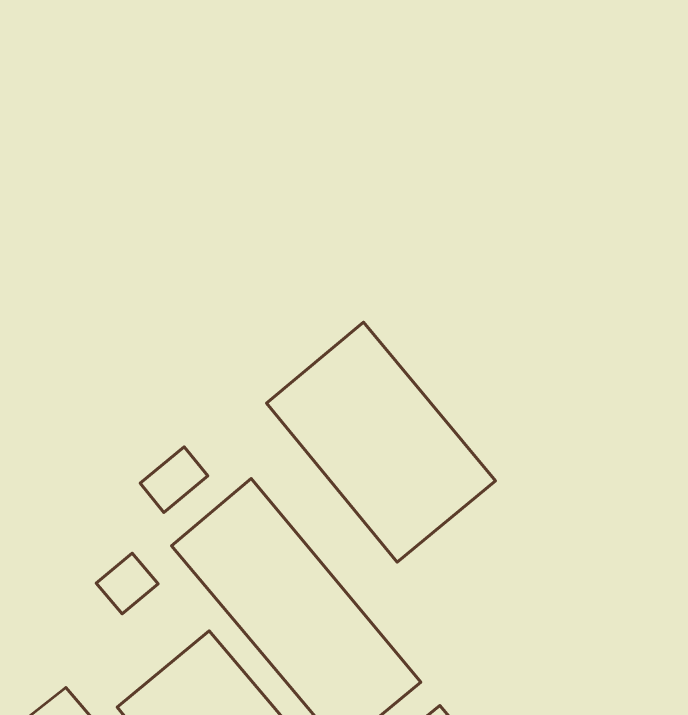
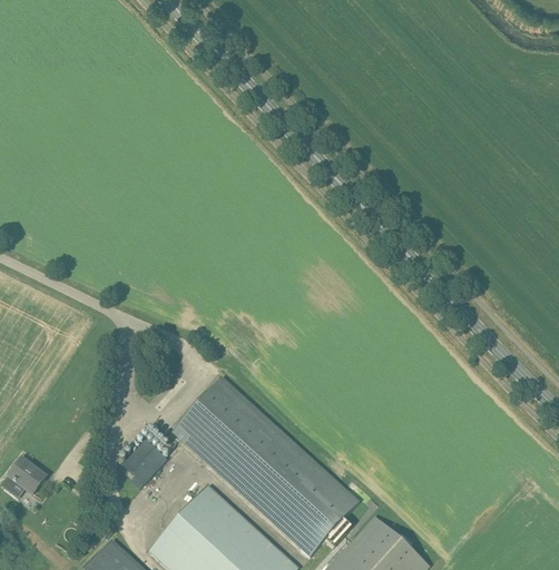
building: [267,322,496,562] -> none
building: [140,447,208,512] -> none

